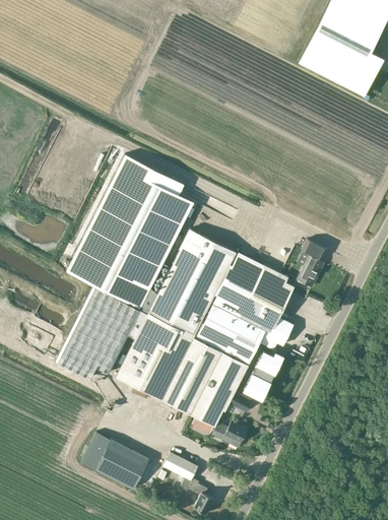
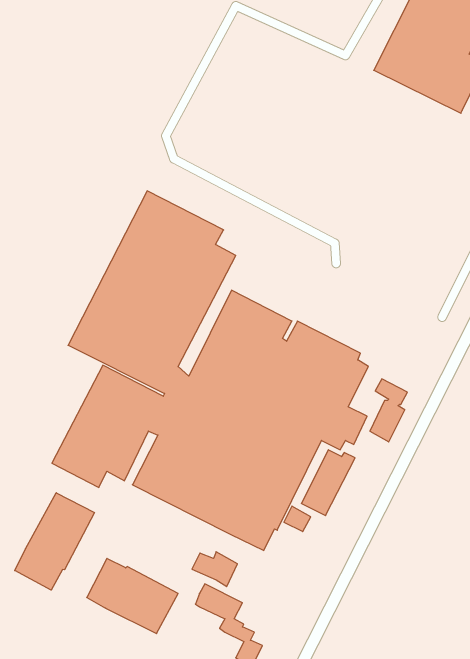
building: [297,240,325,287] -> [370,379,407,442]
building: none -> [15,493,94,590]
building: [211,421,246,448] -> [192,552,237,587]

